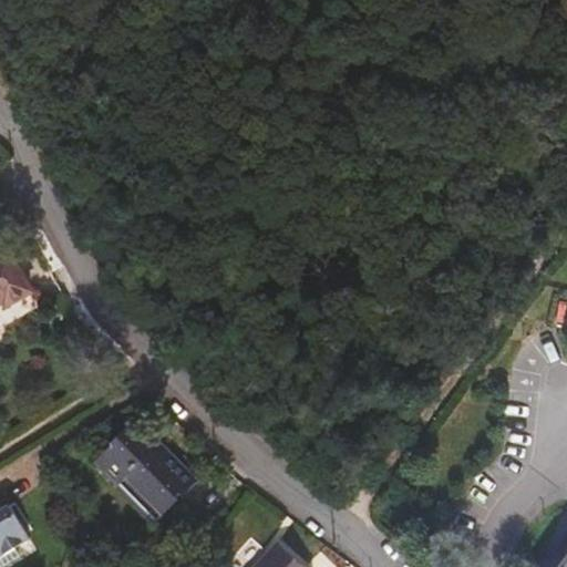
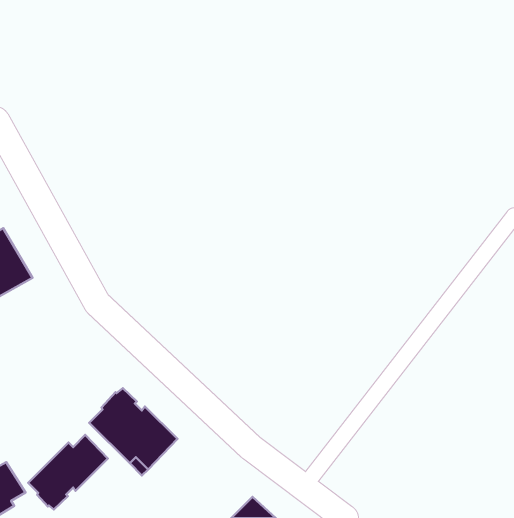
building: none -> [28,435,108,509]

